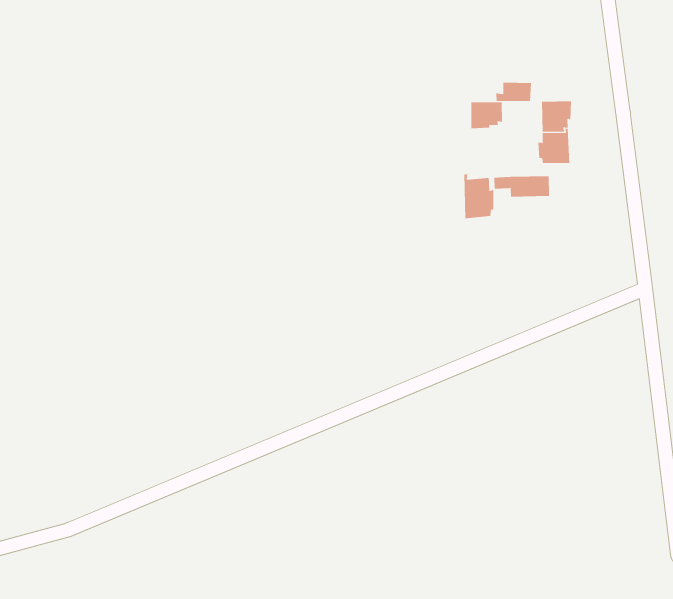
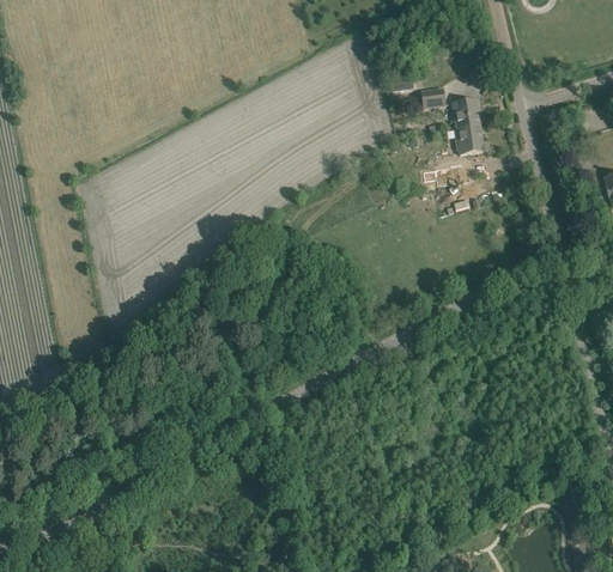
building: [471,102,502,129] -> none
building: [464,173,494,219] -> none

